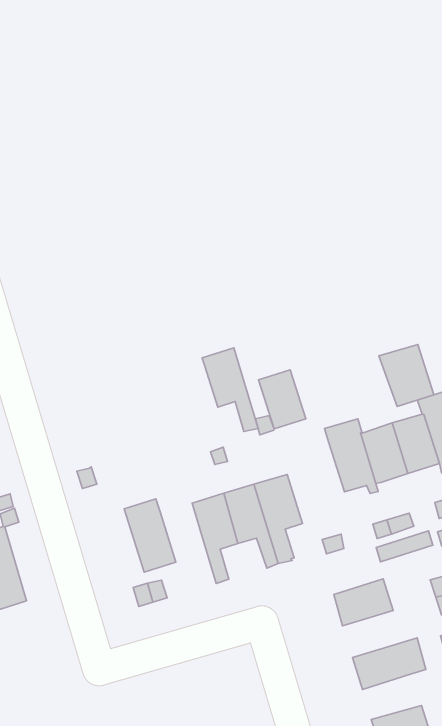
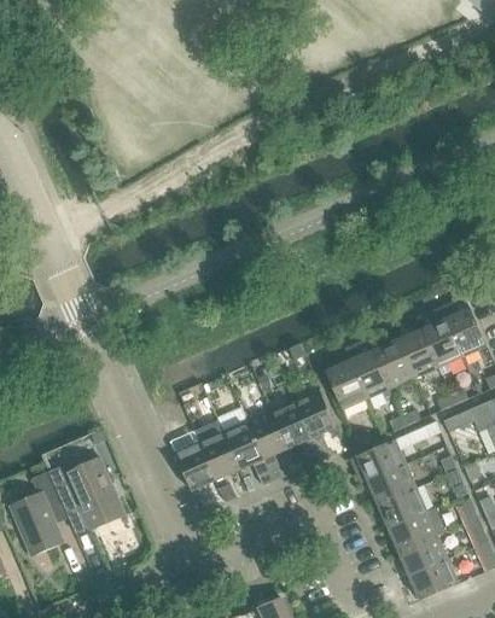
building: [379,344,434,406] -> none
building: [202,348,258,432] -> [222,421,273,486]
building: [259,370,306,429] -> [325,361,366,409]
building: none -> [169,432,215,491]
building: none -> [356,439,404,480]
building: none -> [377,488,426,529]
building: none -> [398,536,447,576]

